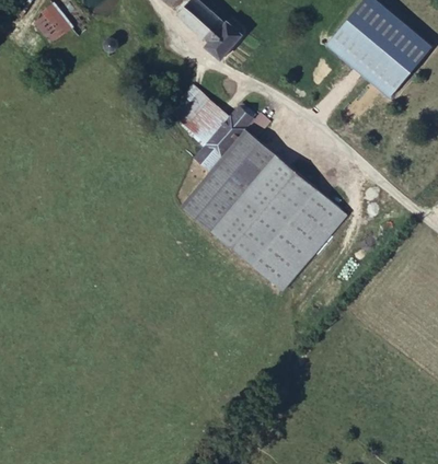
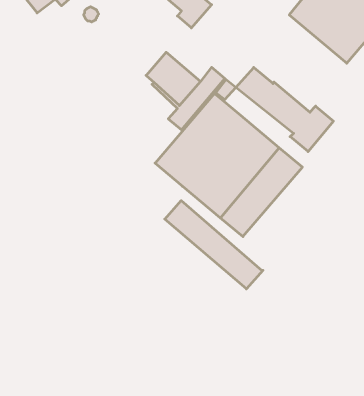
building: none -> [236,67,333,152]
building: none -> [165,201,263,289]

